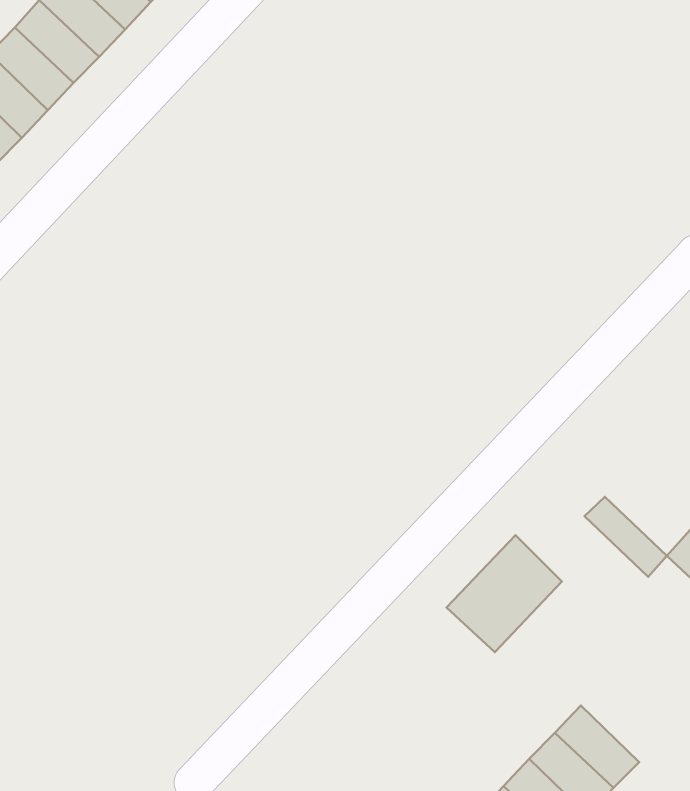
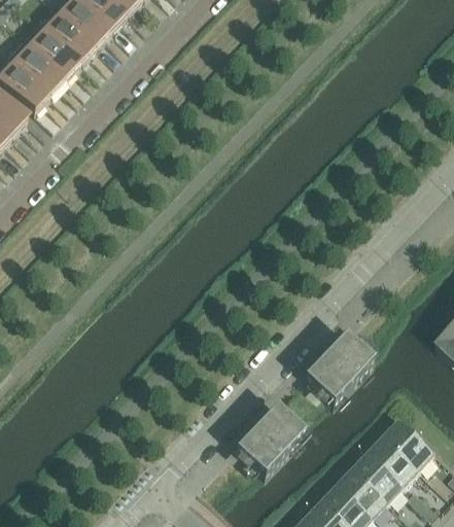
building: [584,497,667,577] -> none
building: none -> [235,403,305,475]
building: none -> [384,417,435,467]

